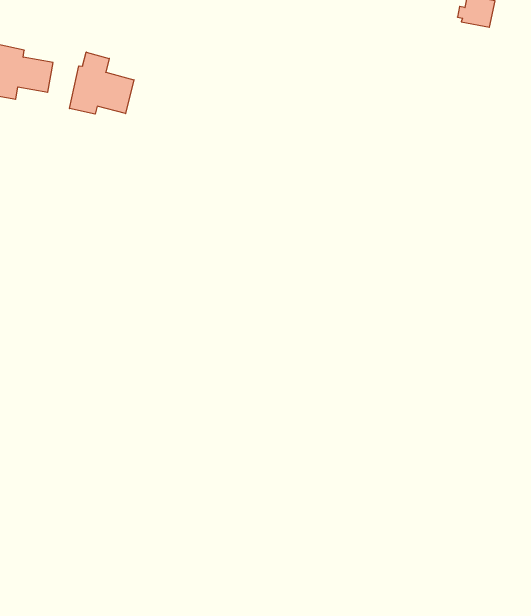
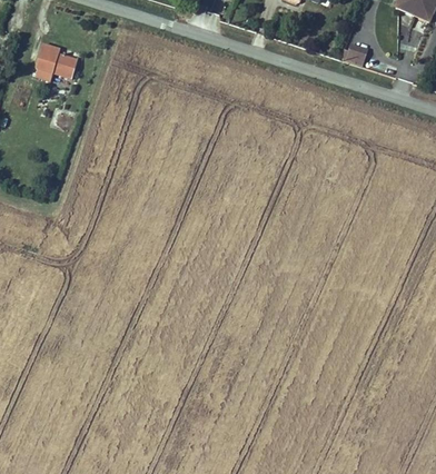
building: [70,52,134,114] -> none

